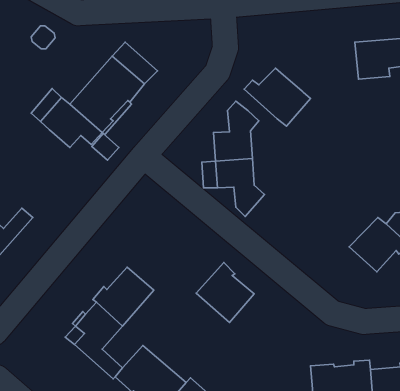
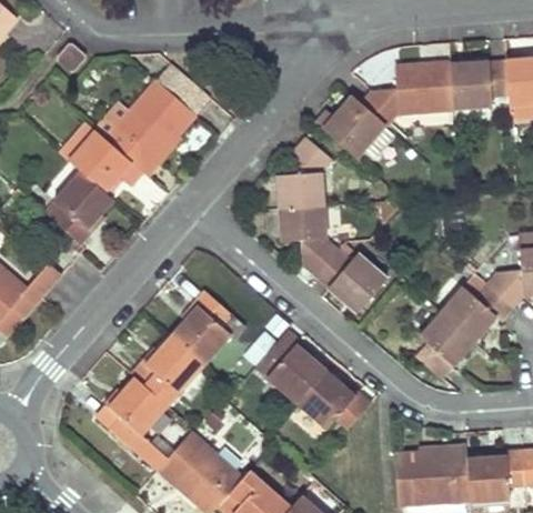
building: none -> [359,61,452,124]
building: none -> [43,170,112,245]
building: none -> [315,248,385,311]
building: none -> [173,292,232,363]
building: none -> [415,311,474,378]
building: none -> [296,368,372,429]

